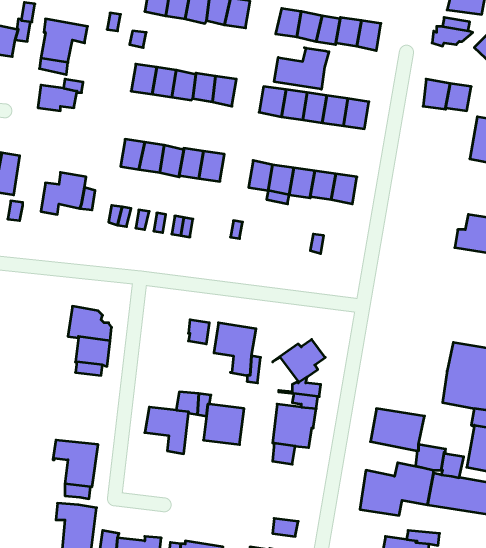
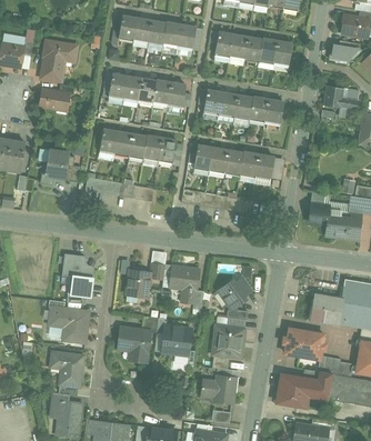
building: [274,48,329,89] -> none
building: none -> [309,204,362,240]
building: none -> [127,270,151,298]
building: none -> [311,297,341,324]
building: none -> [49,308,89,342]
building: none -> [201,375,235,404]

